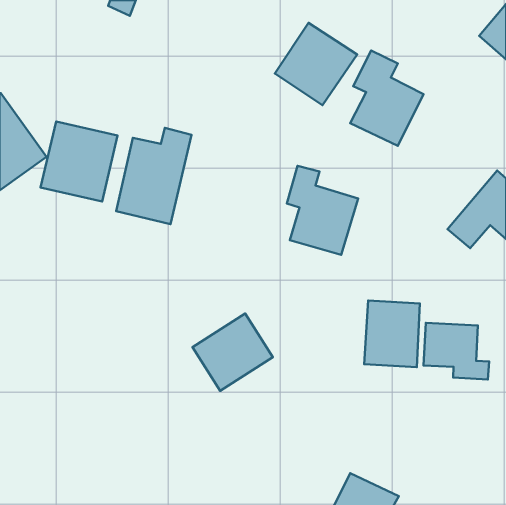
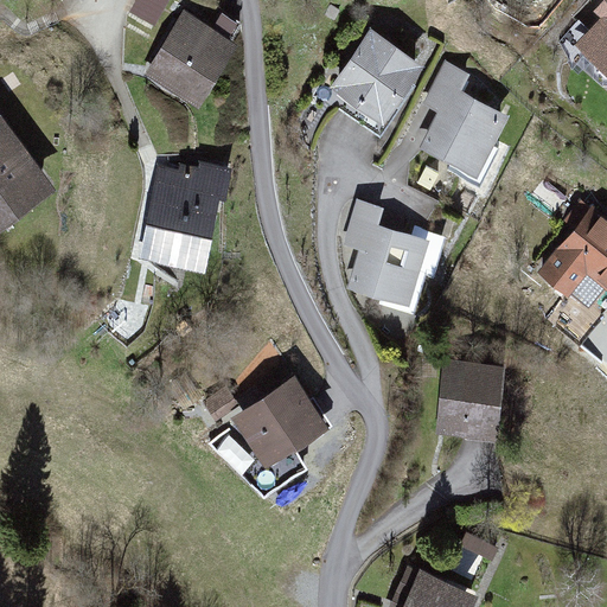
building: none -> [145,13,237,108]
building: [41,121,117,202] -> none
building: [423,323,489,380] -> none

